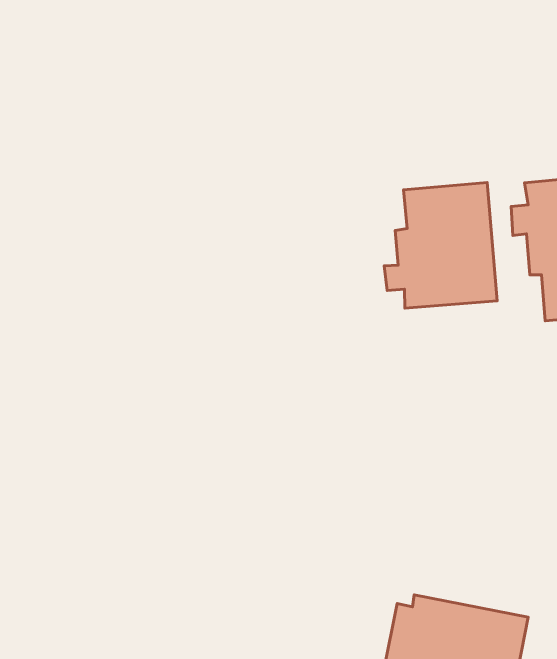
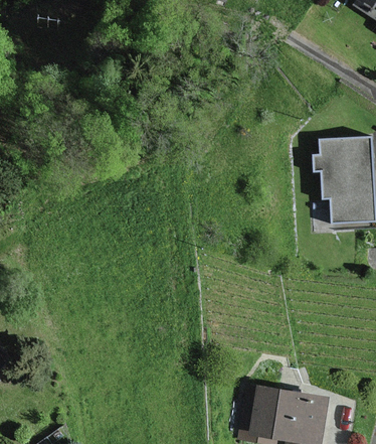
building: [384,182,497,308] -> none

